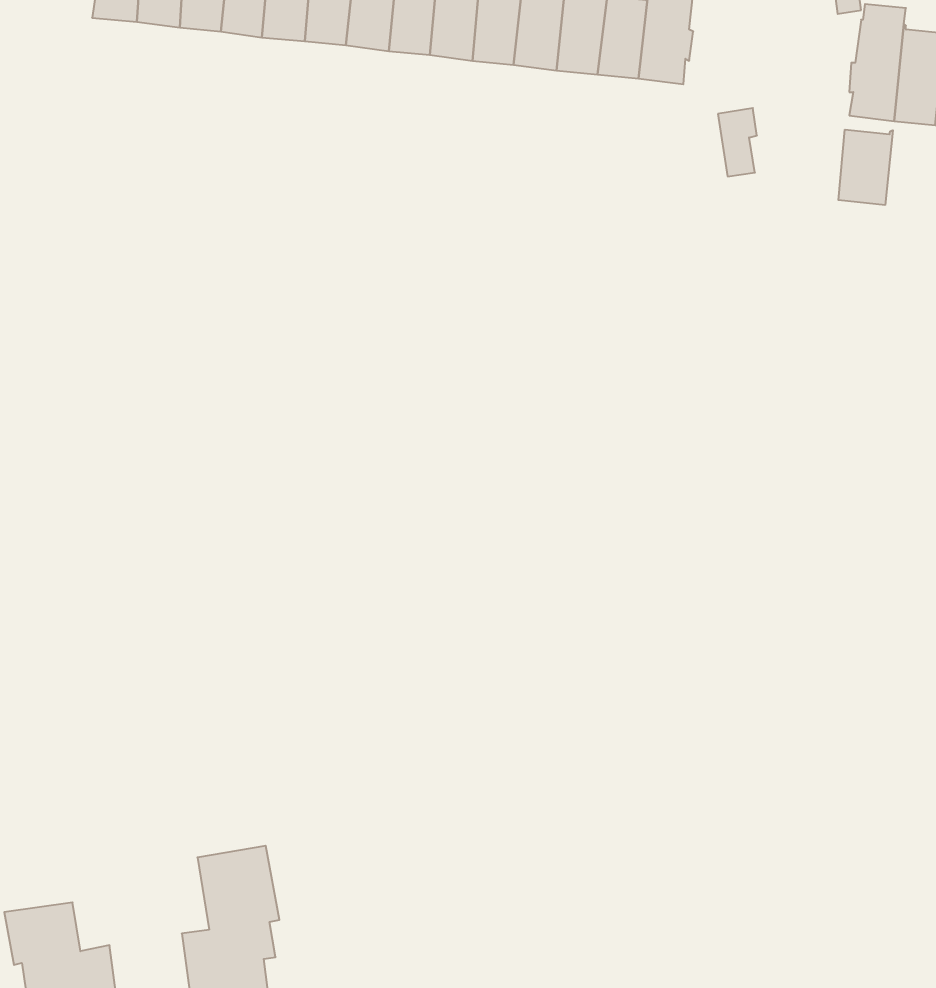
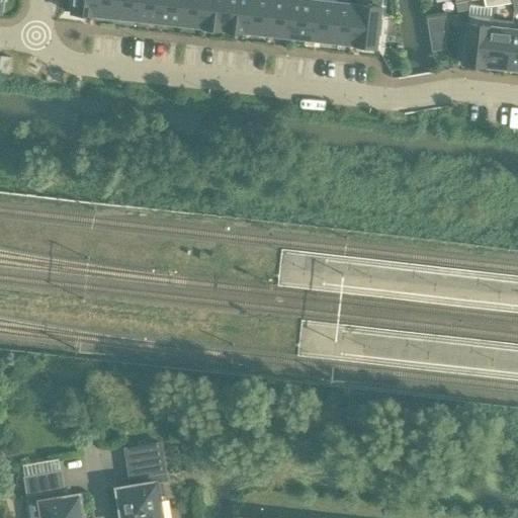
building: [718,108,757,176] -> [427,16,447,52]
building: [838,130,893,205] -> none

